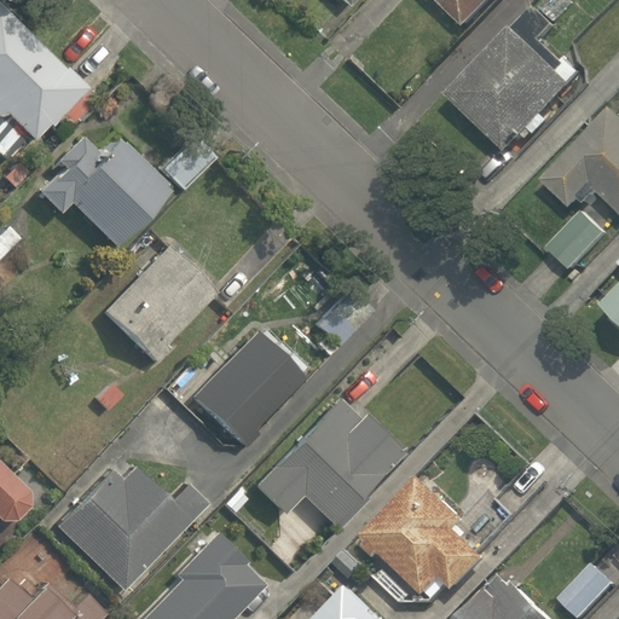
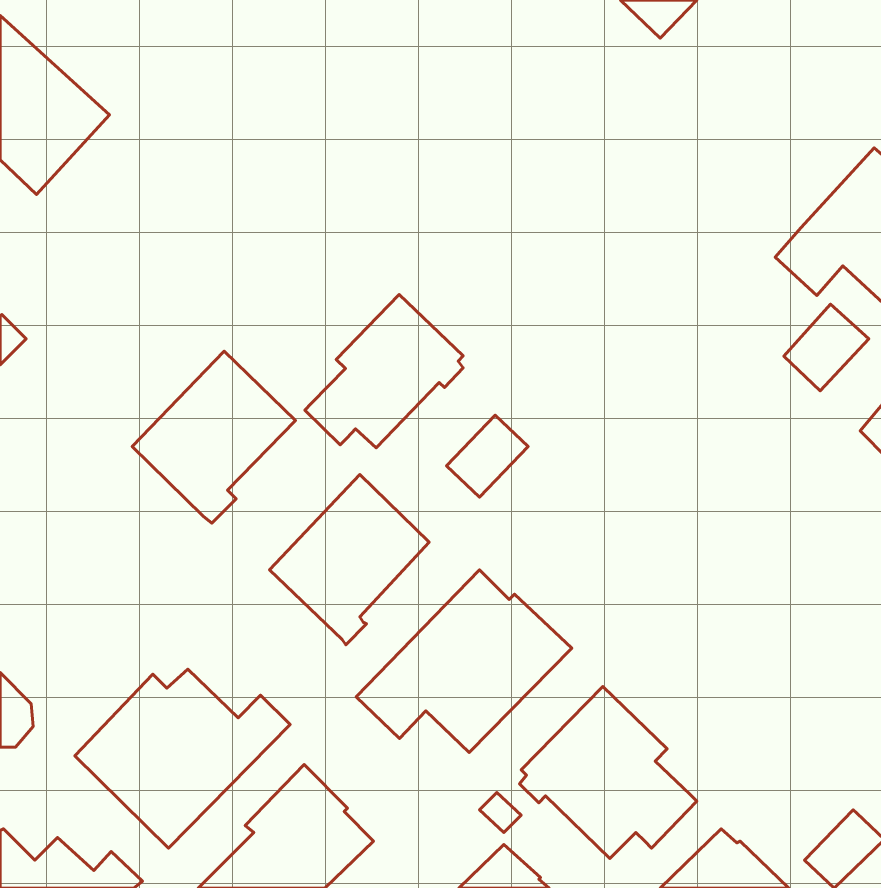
building: [449,23,577,151] -> none
building: [42,129,167,250] -> none
building: none -> [305,294,463,448]

